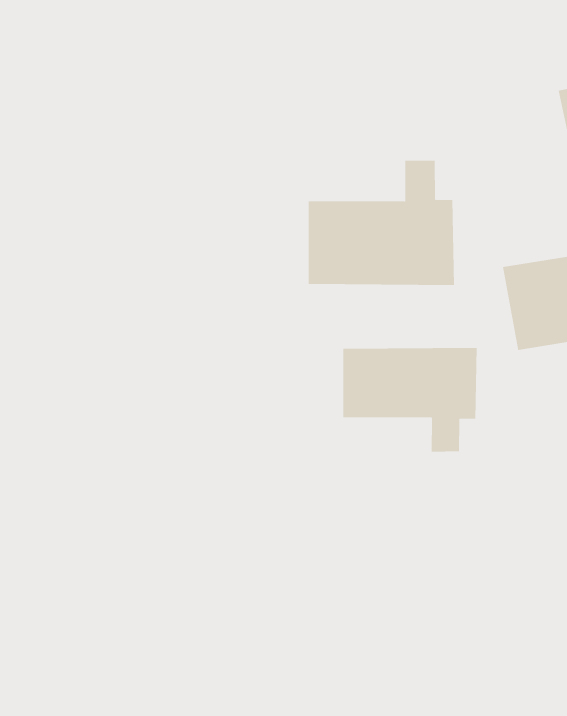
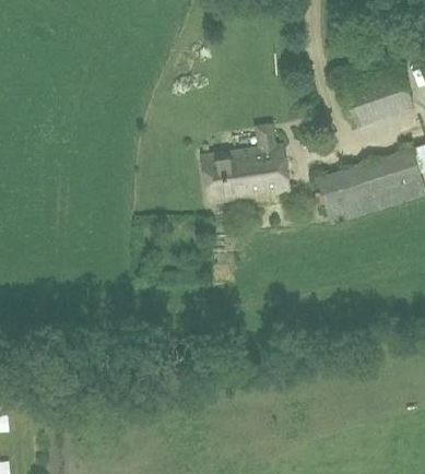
building: [343,347,477,452] -> none

